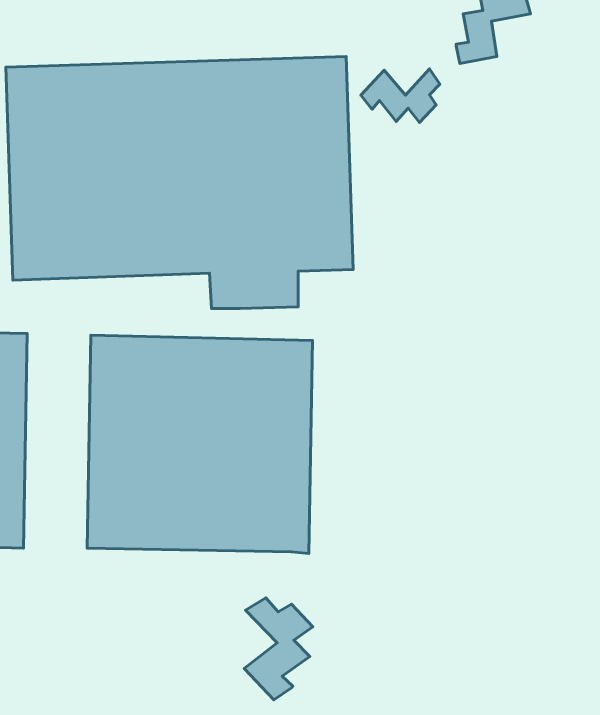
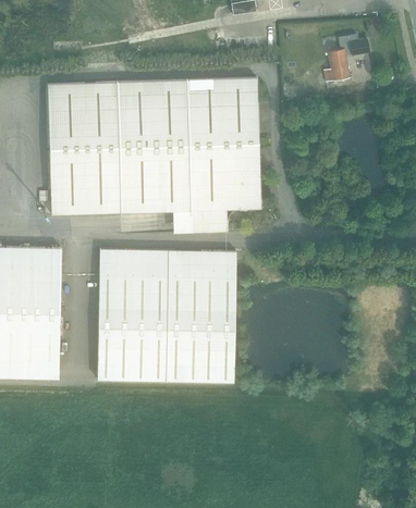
building: [361,69,440,122] -> none
building: [244,598,313,700] -> none

